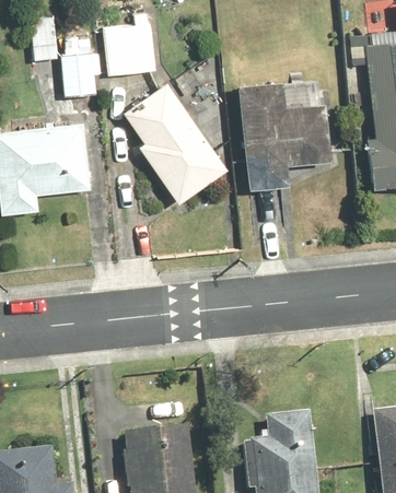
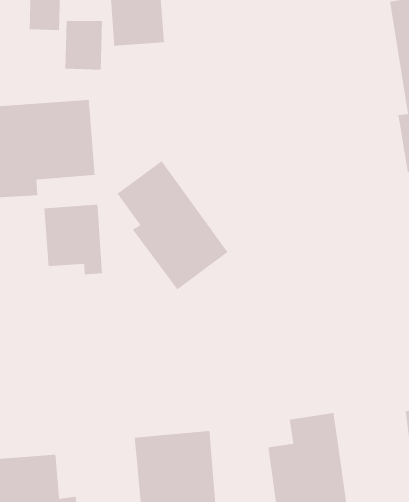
building: [238,79,331,188] -> none
building: [124,84,226,203] -> [116,160,229,290]
building: none -> [44,204,103,275]

